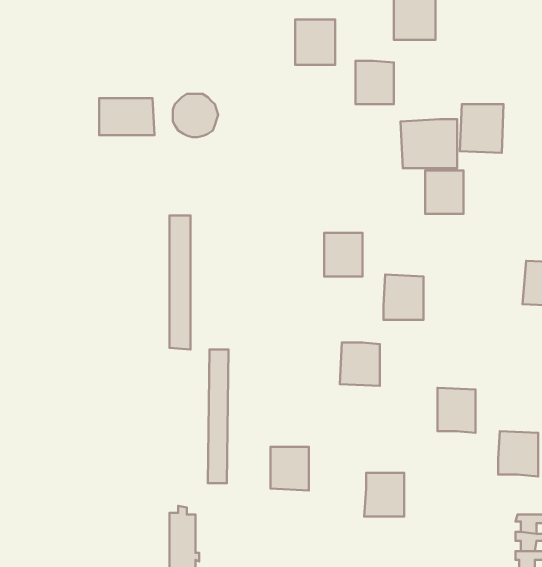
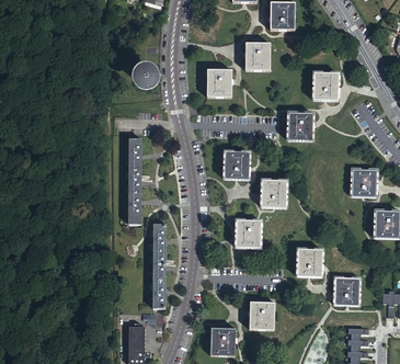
building: [295,20,335,65] -> [206,70,231,99]
building: [99,98,155,135] -> none
building: [401,119,457,168] -> none
building: [270,447,309,490] -> [210,329,235,356]

